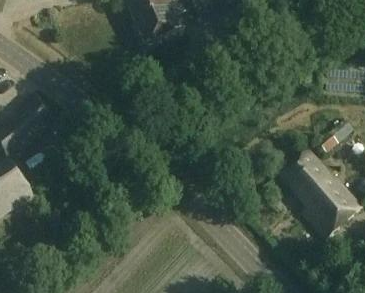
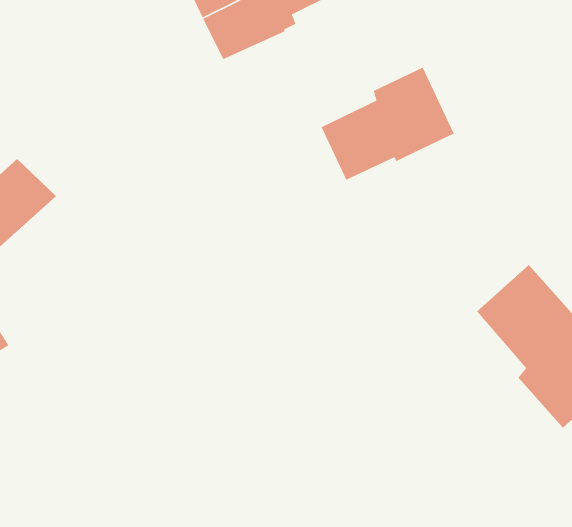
building: none -> [321,67,455,181]

